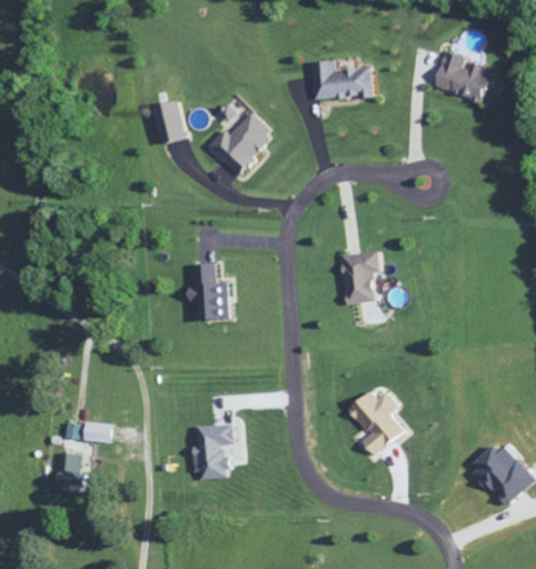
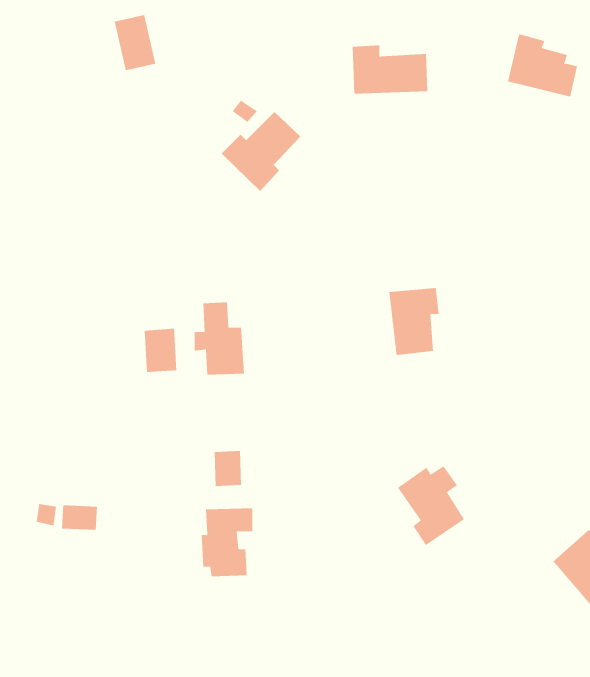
building: [152,99,186,143] -> [114,14,156,71]
building: none -> [144,328,177,373]
building: none -> [214,450,241,487]
building: [59,451,87,490] -> none

